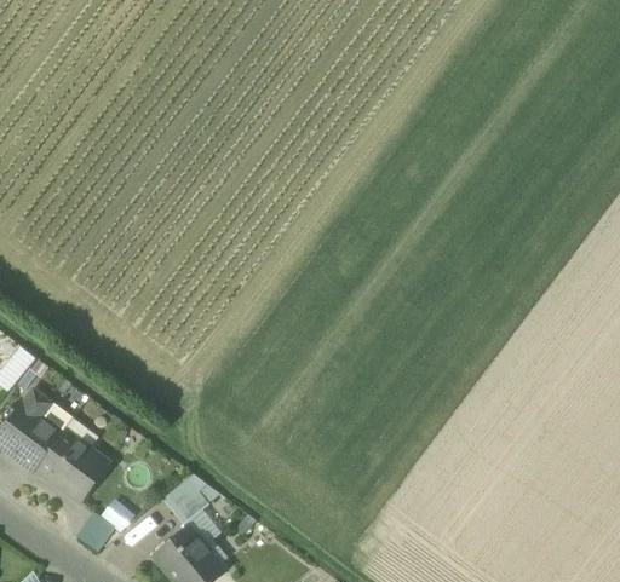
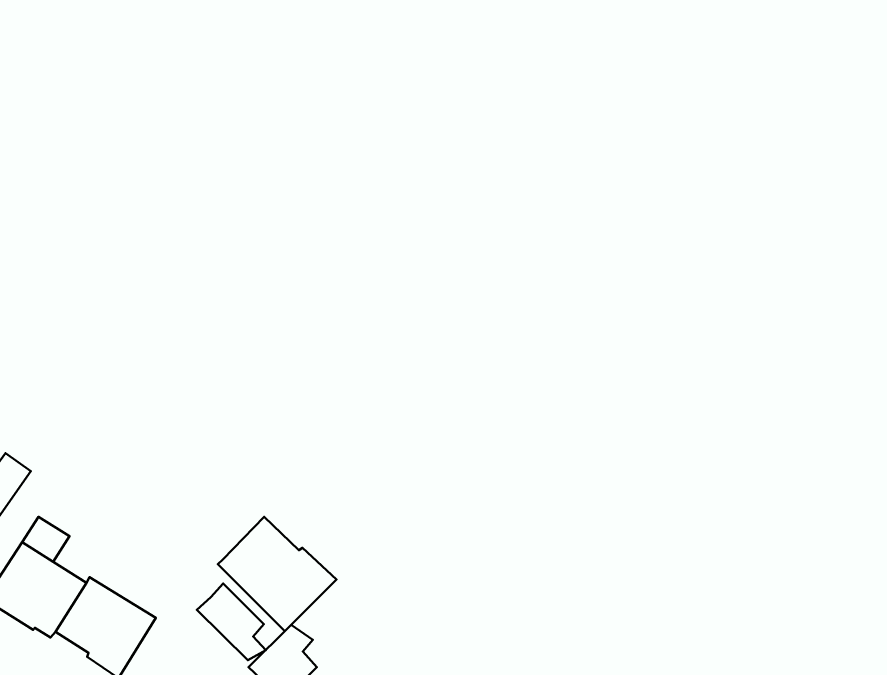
building: none -> [218,517,336,631]
building: none -> [197,584,266,660]

